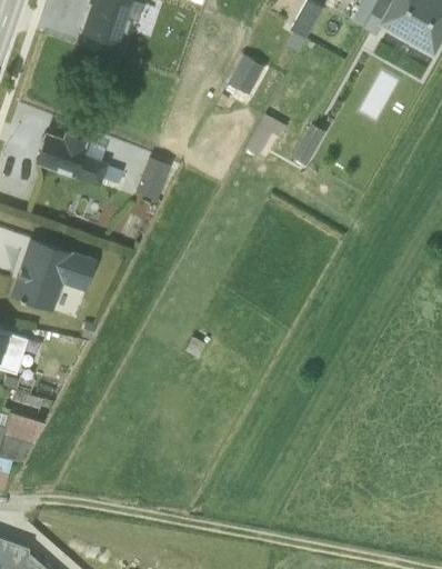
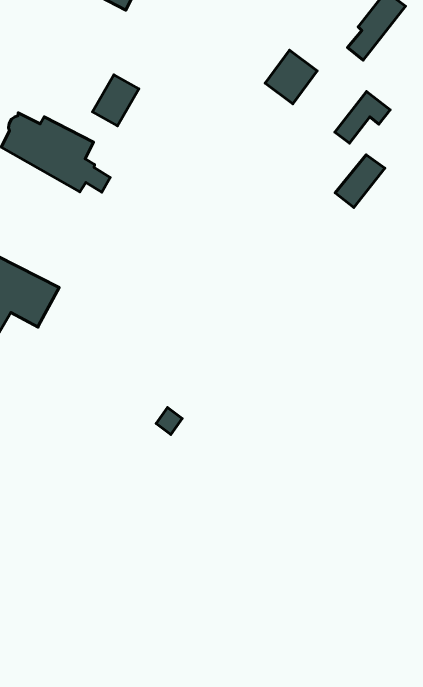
building: none -> [93,75,139,126]
building: [247,114,285,156] -> [335,91,390,143]
building: [137,158,169,199] -> none

